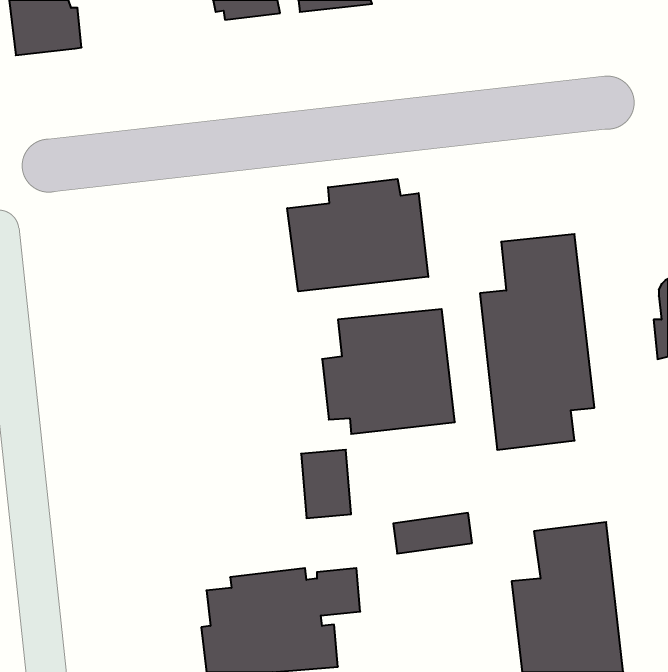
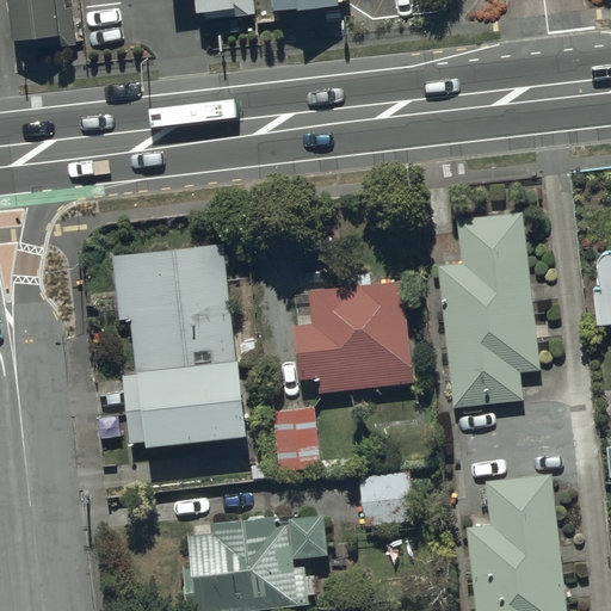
building: [287,179,428,291] -> none
building: none -> [111,242,247,448]

